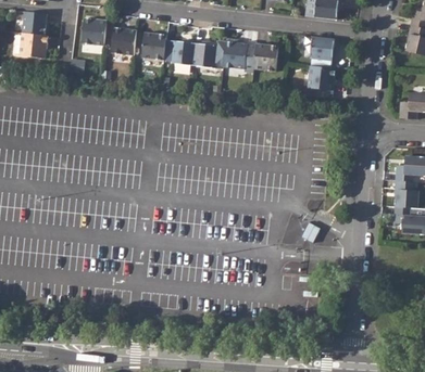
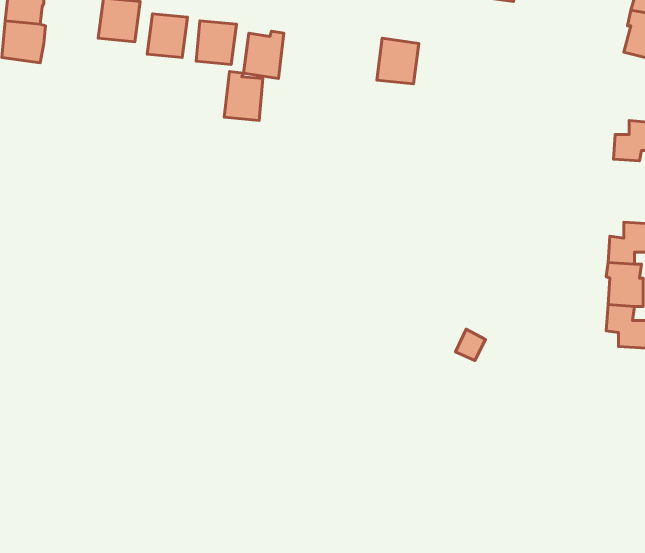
building: [311,36,337,61] -> none
building: [191,39,215,69] -> [224,72,263,121]
building: [222,40,255,72] -> none
building: [308,65,335,91] -> none

